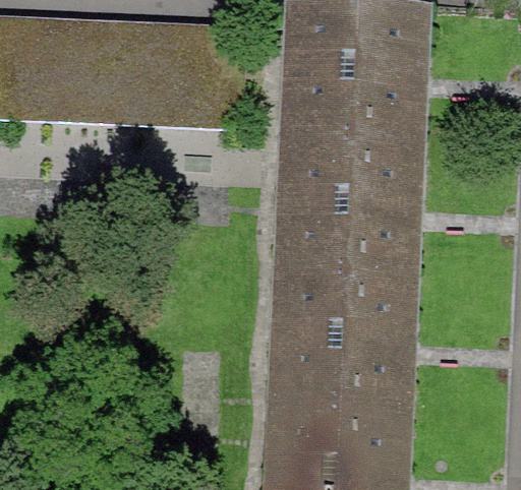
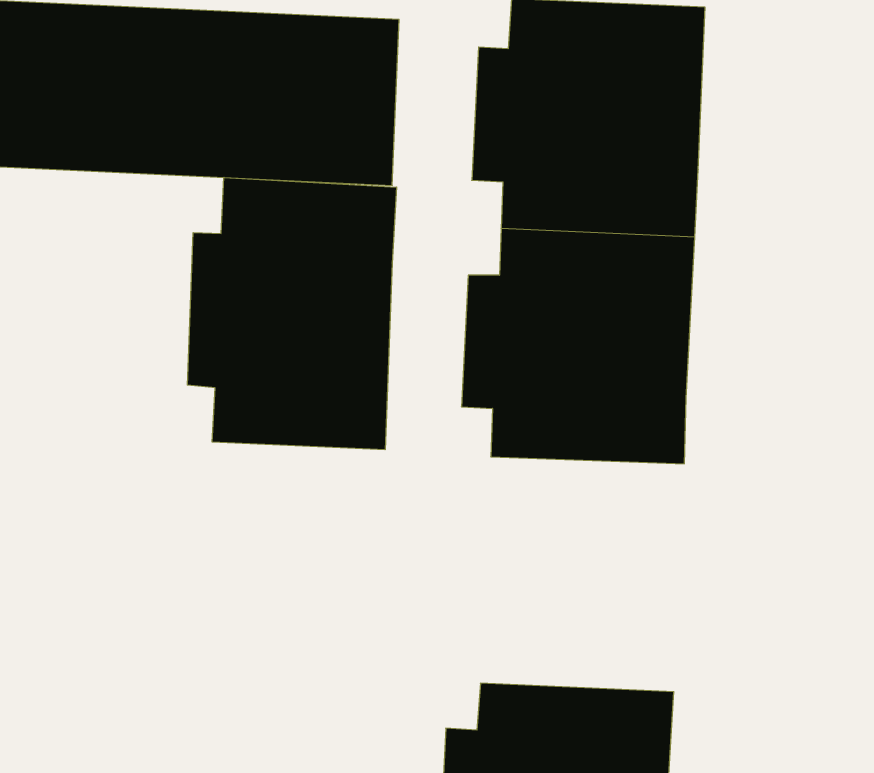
building: none -> [187,177,397,450]
building: [270,285,407,423] -> none

